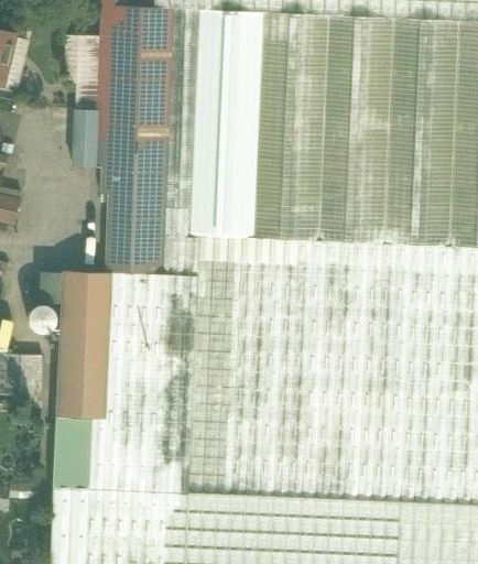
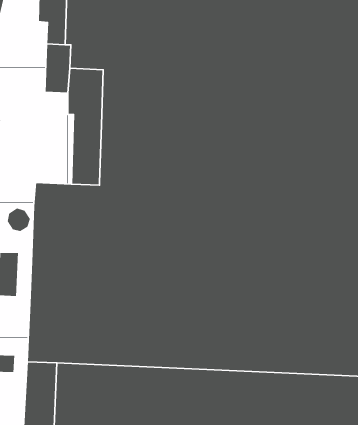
building: [41,272,63,302] -> none

